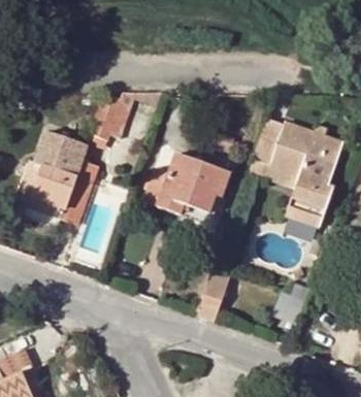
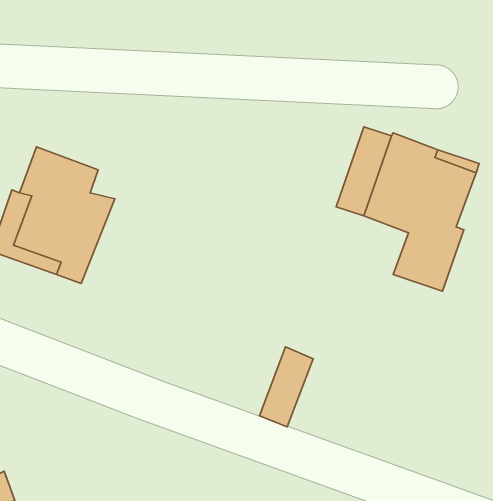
building: [91,93,128,140] -> none
building: [140,153,231,214] -> none

